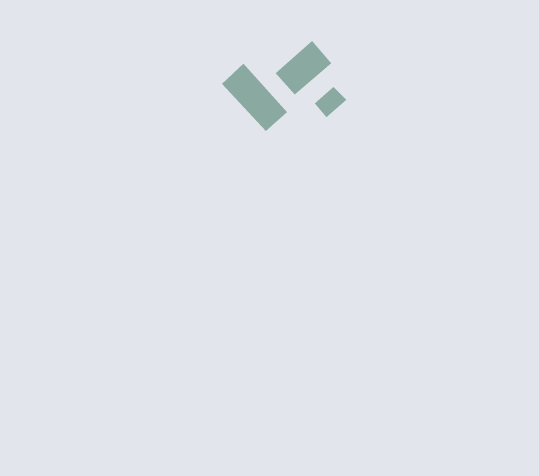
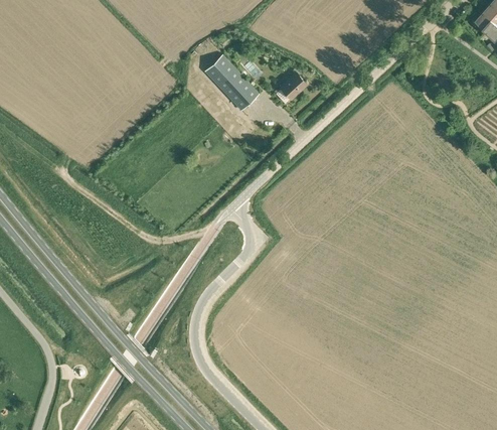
building: [275,40,332,95] -> none

